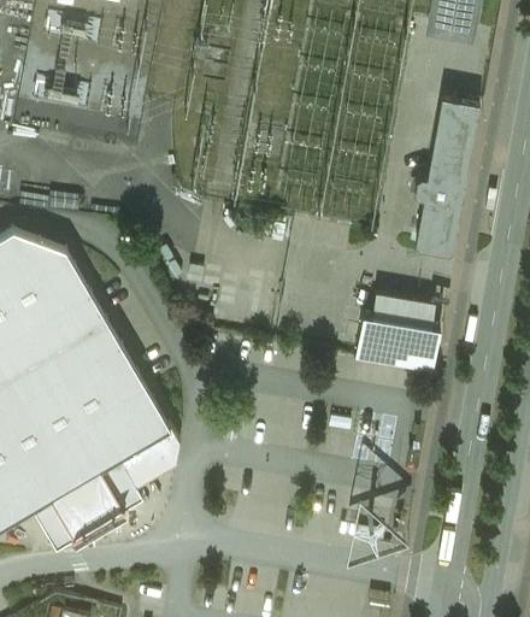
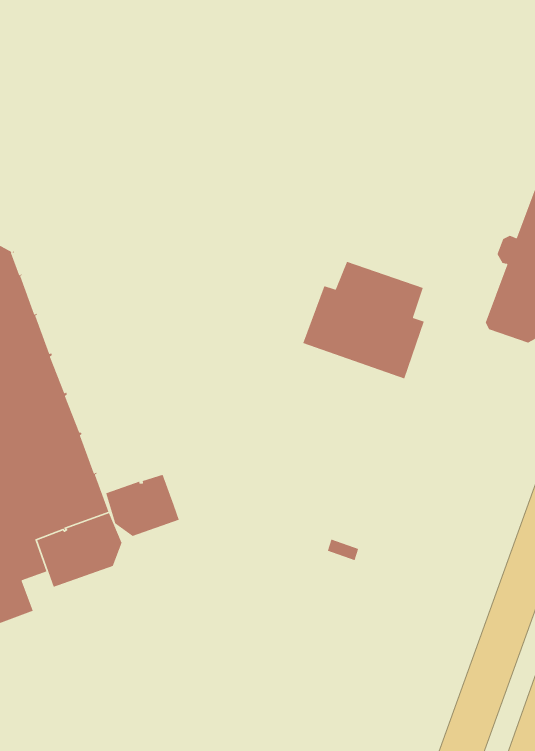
building: [354,296,440,375] -> [302,261,425,379]
building: none -> [105,474,180,537]

